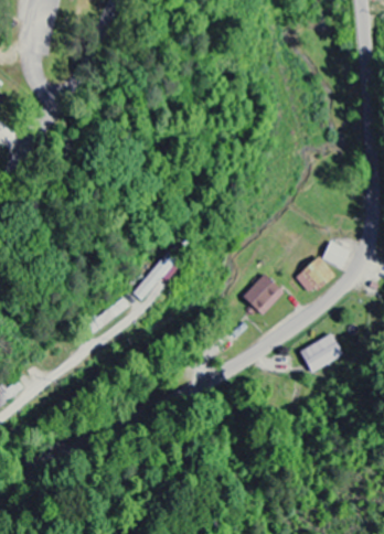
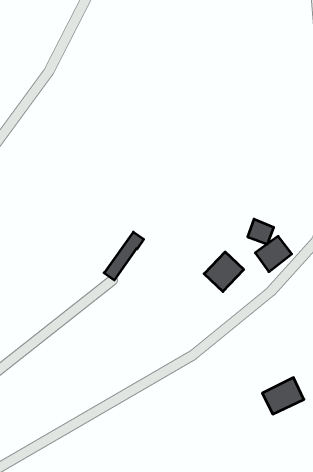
building: [321,241,349,267] -> [248,219,274,244]
building: [300,333,344,372] -> [262,378,304,414]

